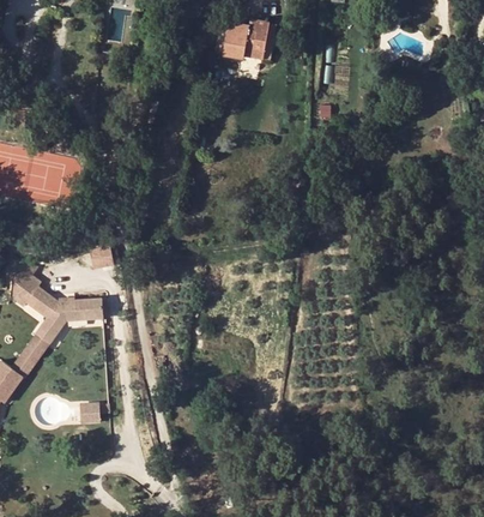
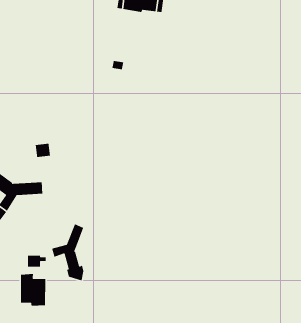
building: none -> [51,223,84,281]
building: none -> [20,273,46,307]

